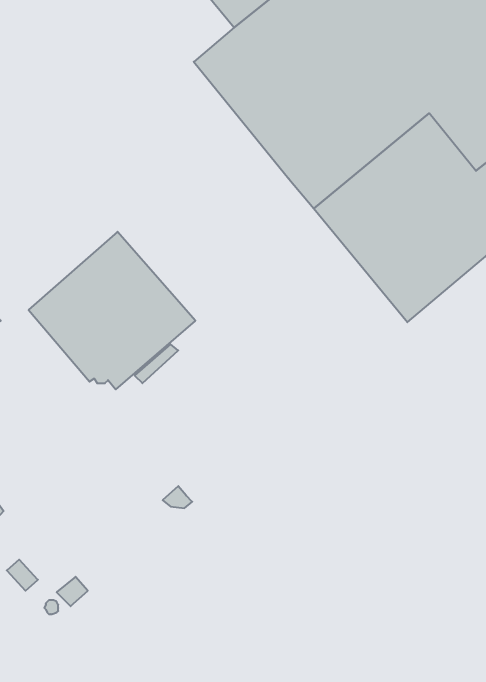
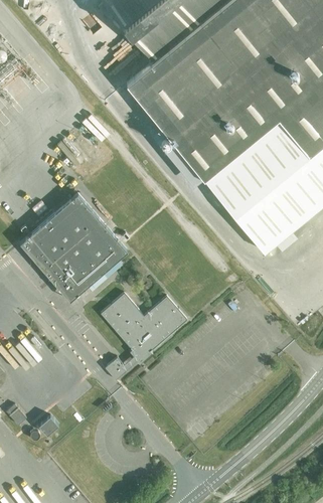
building: none -> [100,293,187,360]

